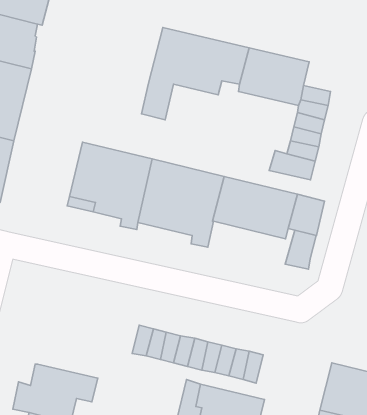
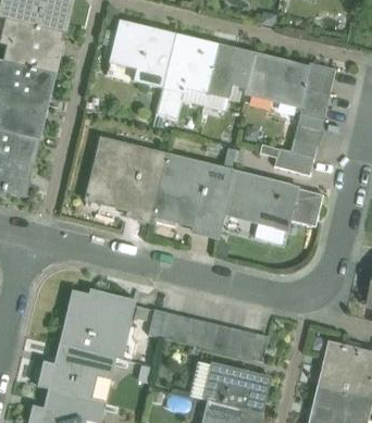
building: none -> [110,21,175,86]
building: none -> [305,63,336,94]
building: [285,230,316,269] -> none
building: none -> [60,293,133,359]

